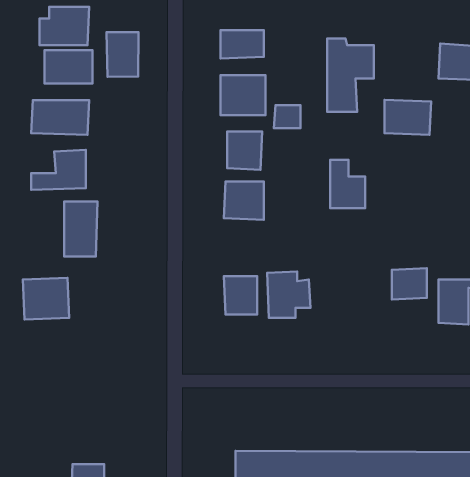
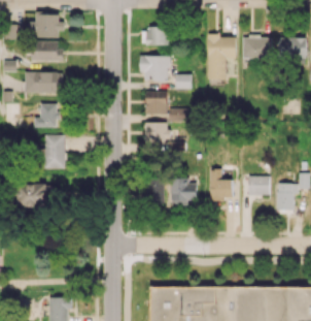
building: [107,32,139,77] -> none
building: [385,100,431,135] -> [242,37,271,59]
building: [330,160,365,208] -> [210,169,232,199]

